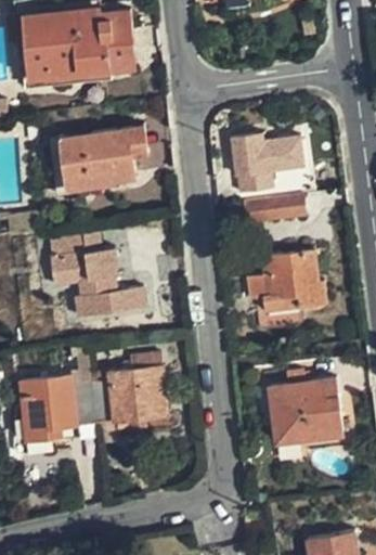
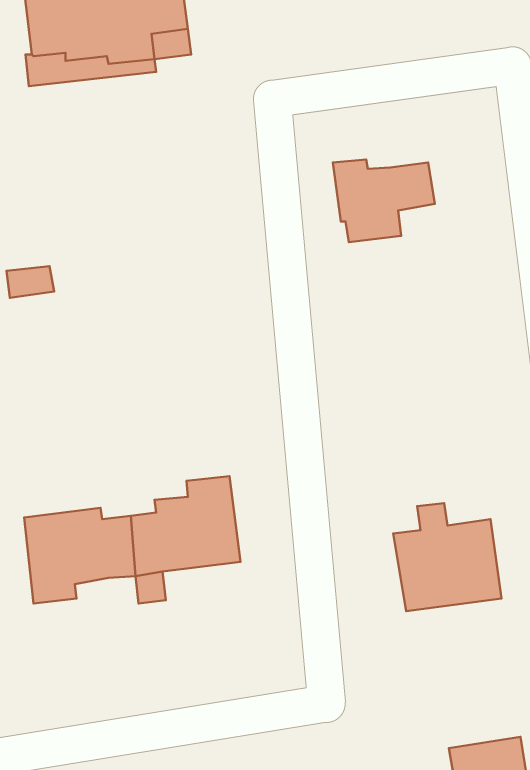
building: [61,126,147,181] -> none
building: [242,197,306,228] -> none
building: [44,230,143,314] -> none
building: [256,253,328,314] -> none

